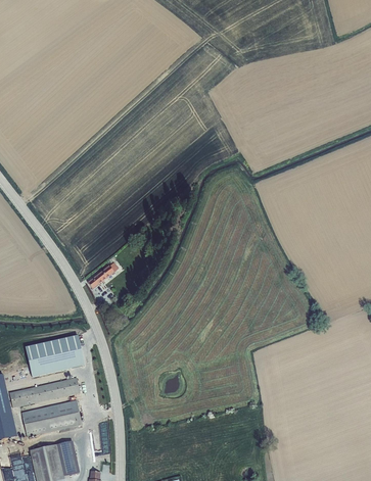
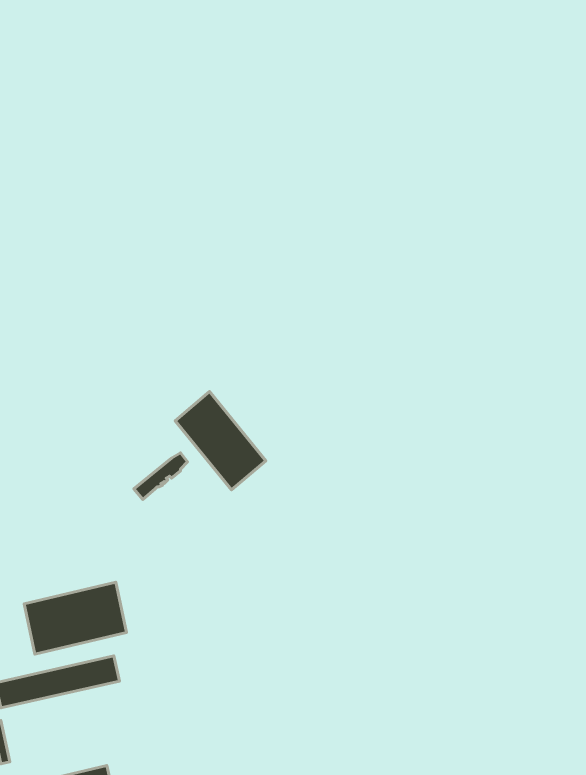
building: none -> [175,392,266,490]
building: [20,399,81,436] -> none

